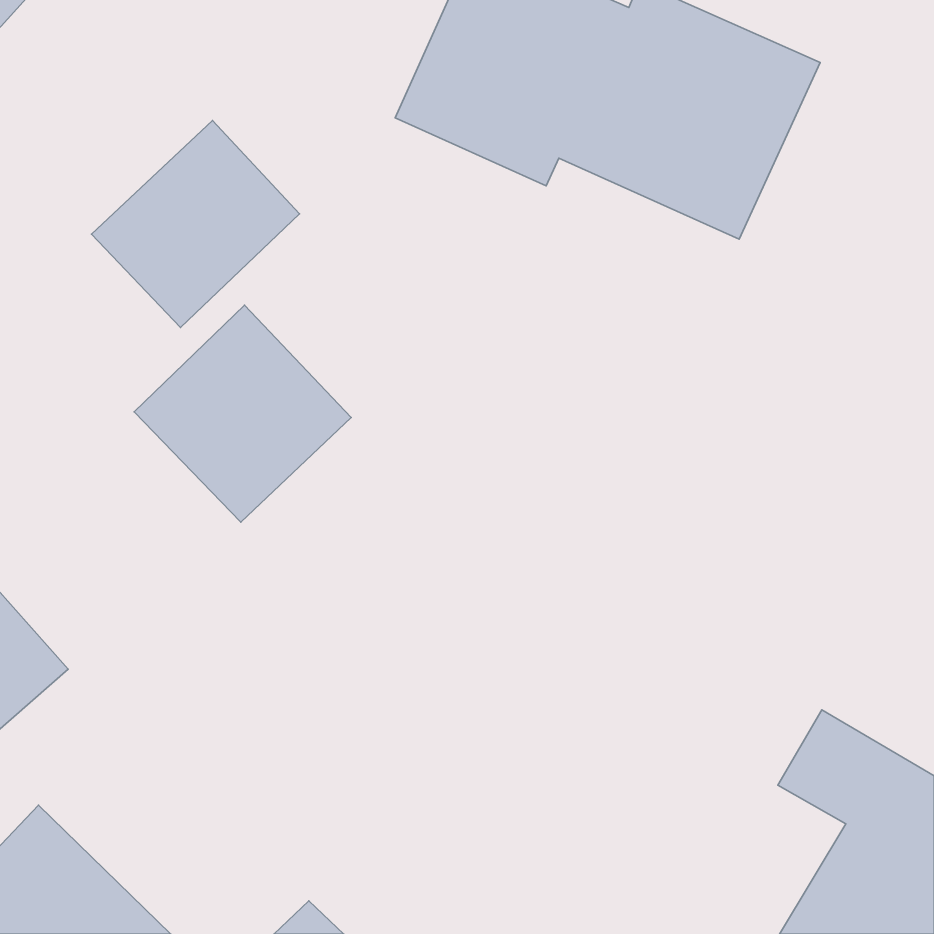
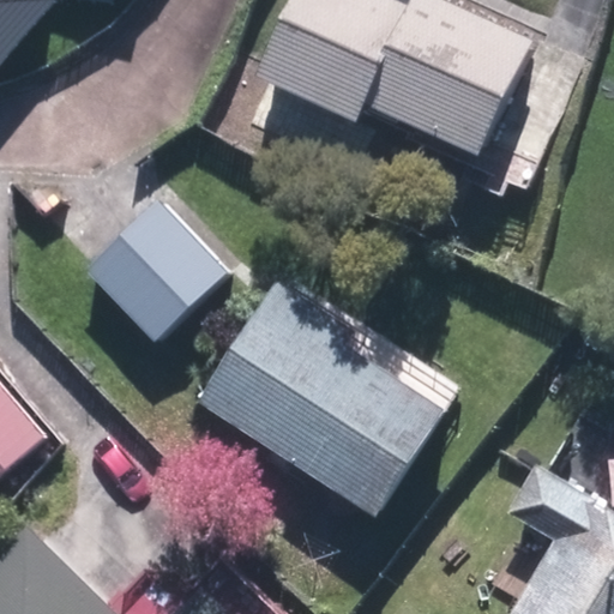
building: [92,120,300,327] -> none
building: none -> [198,279,445,514]

